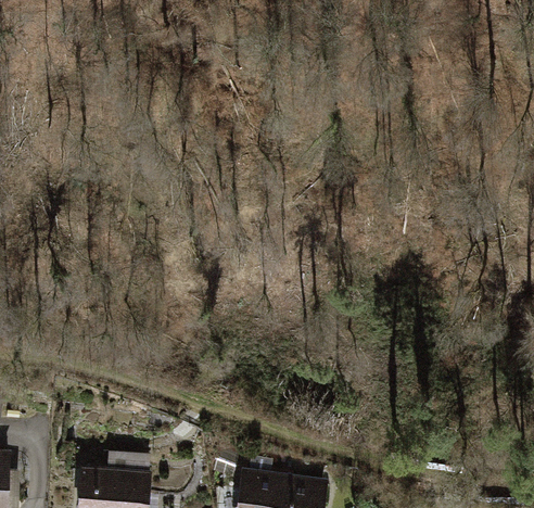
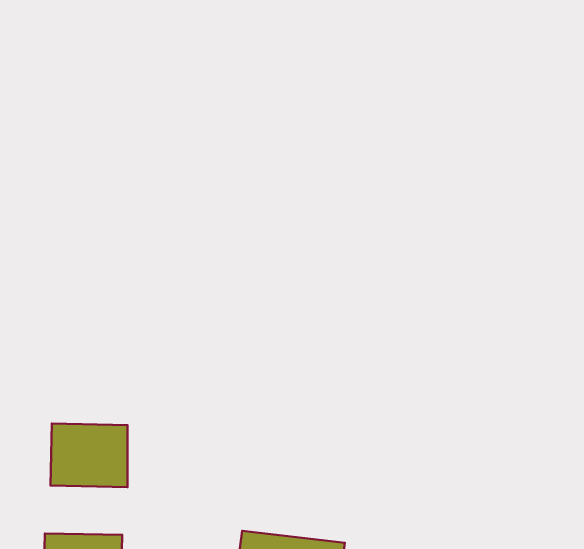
building: none -> [50,423,127,487]

